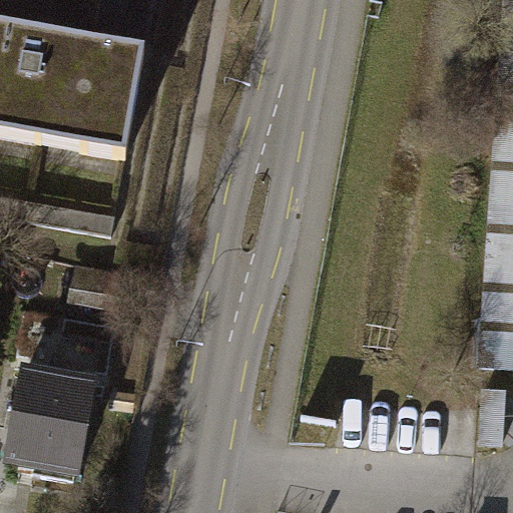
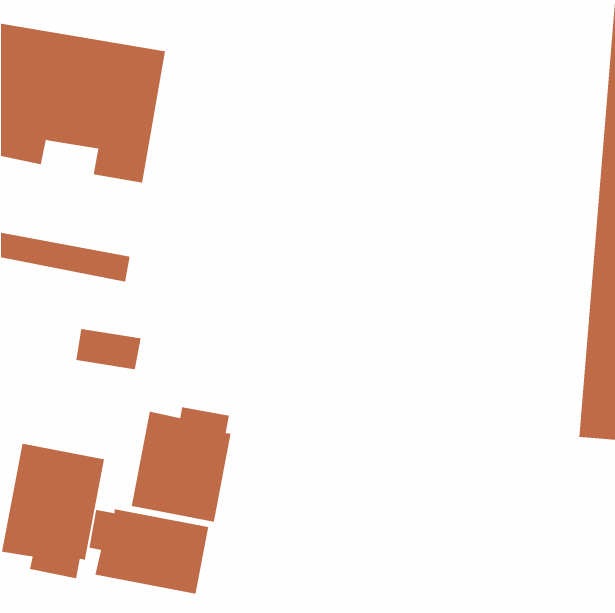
building: none -> [131,407,231,522]
building: none -> [89,508,209,594]

